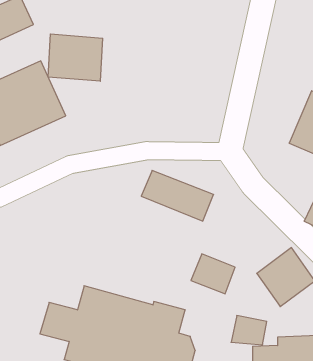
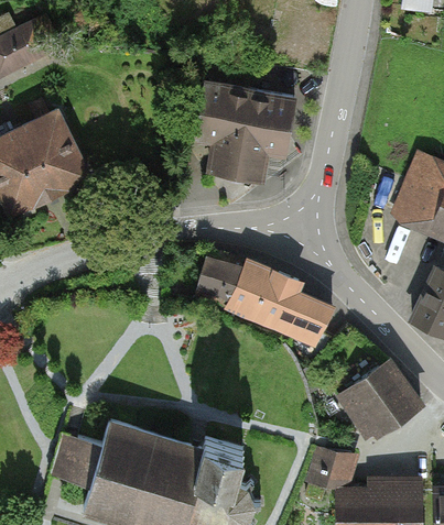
building: [48,34,103,81] -> none
building: none -> [188,89,288,182]
building: [191,254,235,294] -> [273,287,332,340]

